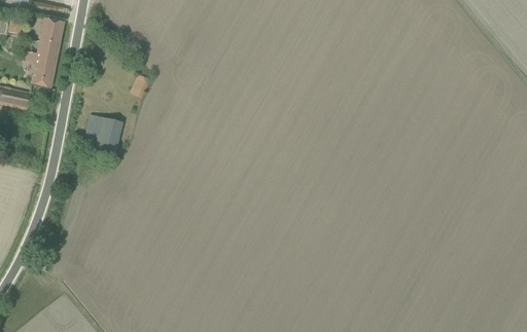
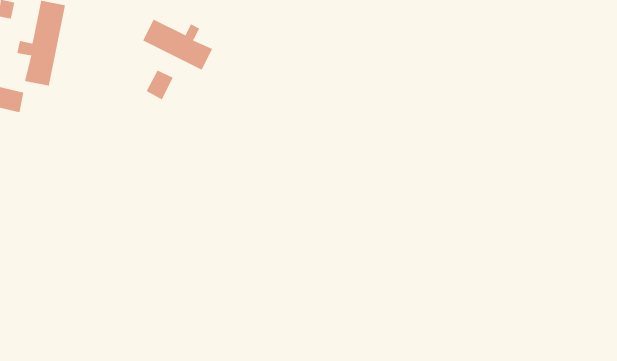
building: none -> [142,19,213,71]
building: [82,113,124,153] -> none

